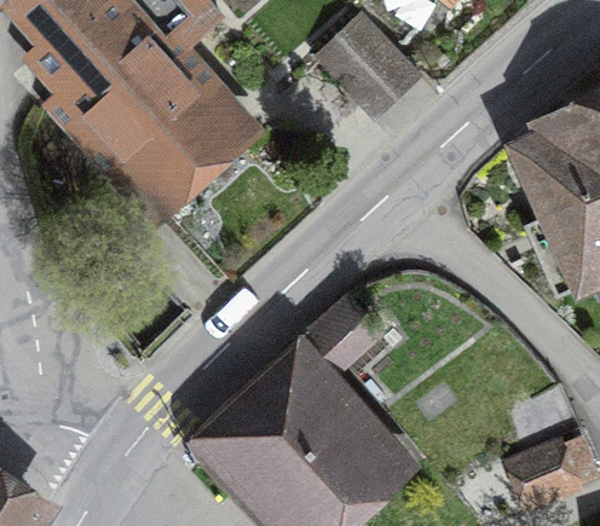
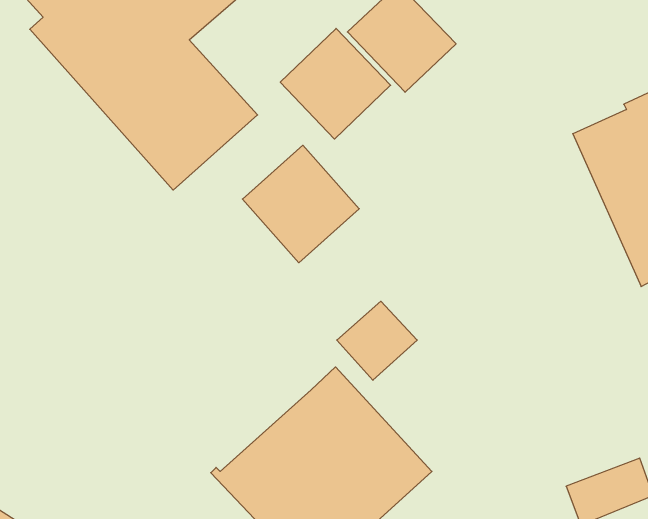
building: none -> [280,28,391,139]
building: none -> [242,145,359,263]

